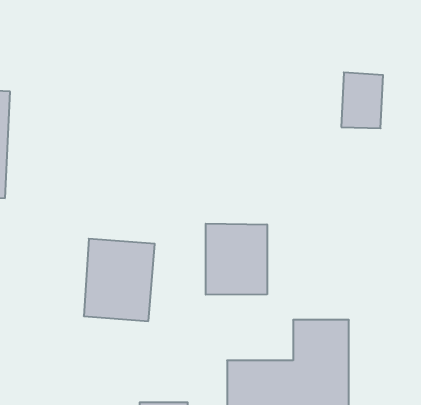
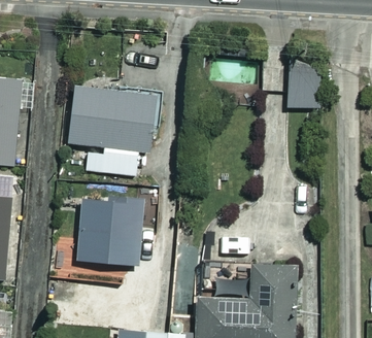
building: none -> [70,87,155,151]
building: [206,224,267,295] -> none

